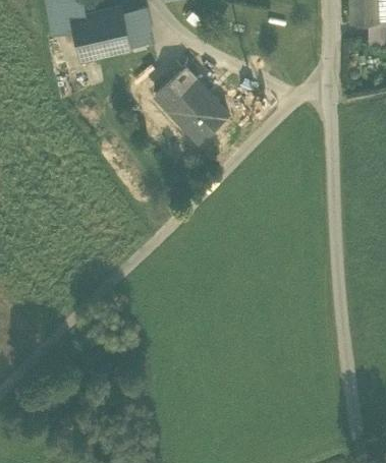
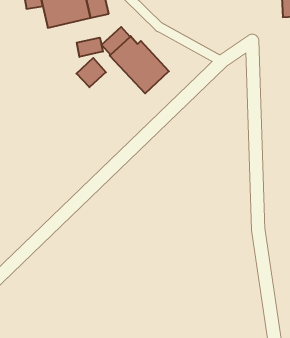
building: none -> [77,38,103,57]
building: none -> [76,58,106,87]

